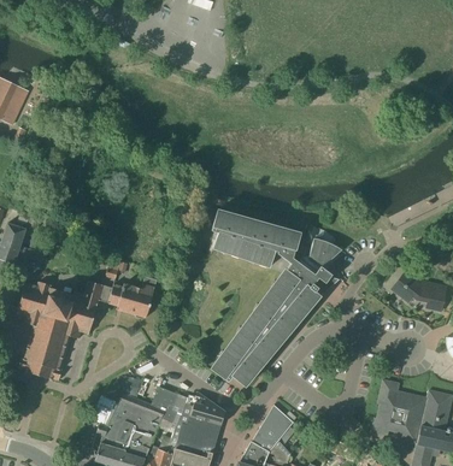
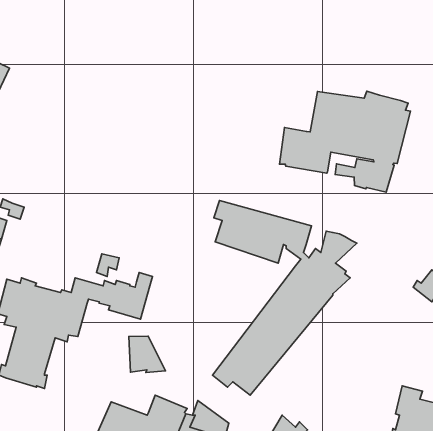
building: none -> [279,91,411,192]
building: none -> [129,336,166,373]

